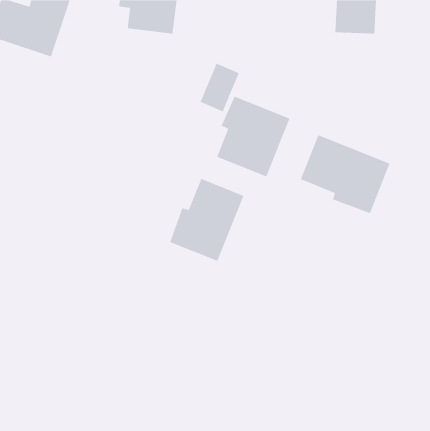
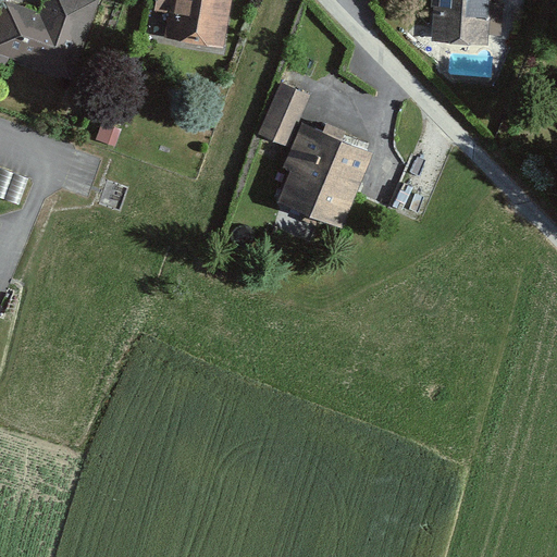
building: [300,134,391,214] -> none
building: [169,178,244,262] -> none

